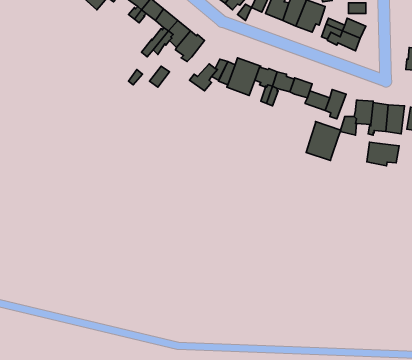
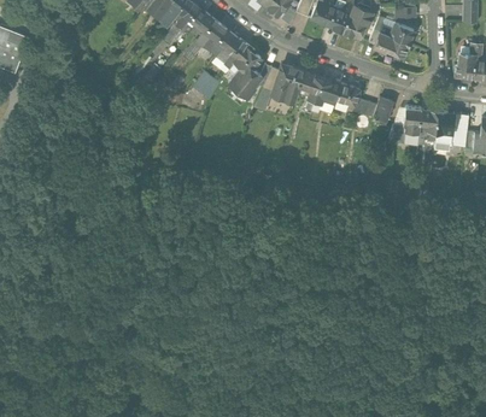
building: none -> [232,46,260,83]
building: [306,121,341,160] -> none
building: [367,142,399,166] -> none

